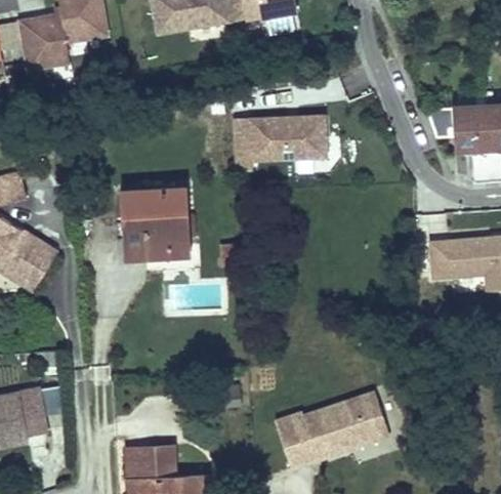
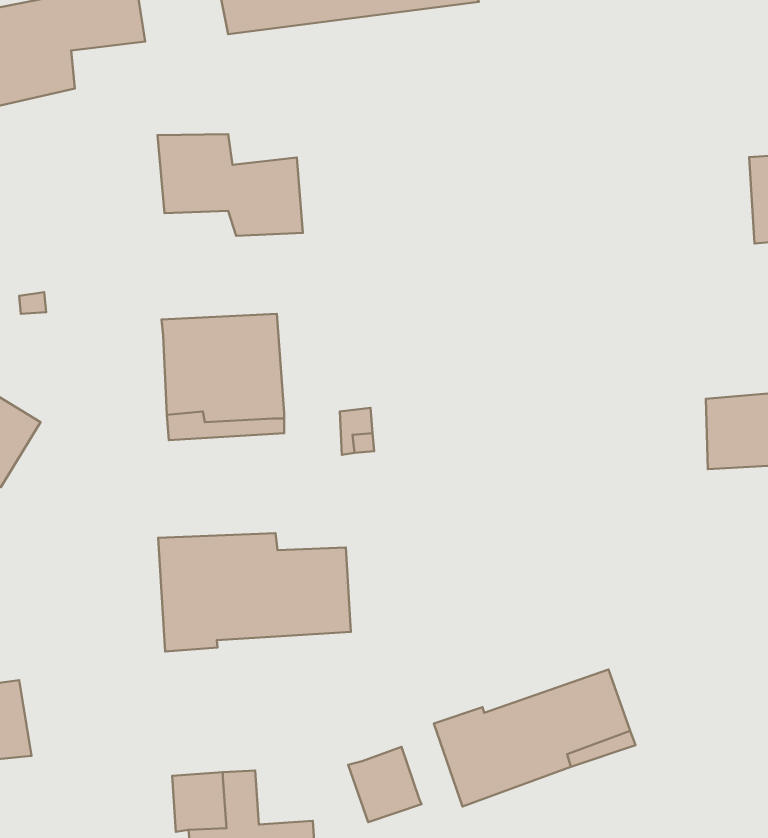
building: none -> [158,134,303,236]
building: [234,112,331,170] -> none
building: none -> [158,533,351,652]
building: none -> [348,747,422,822]

